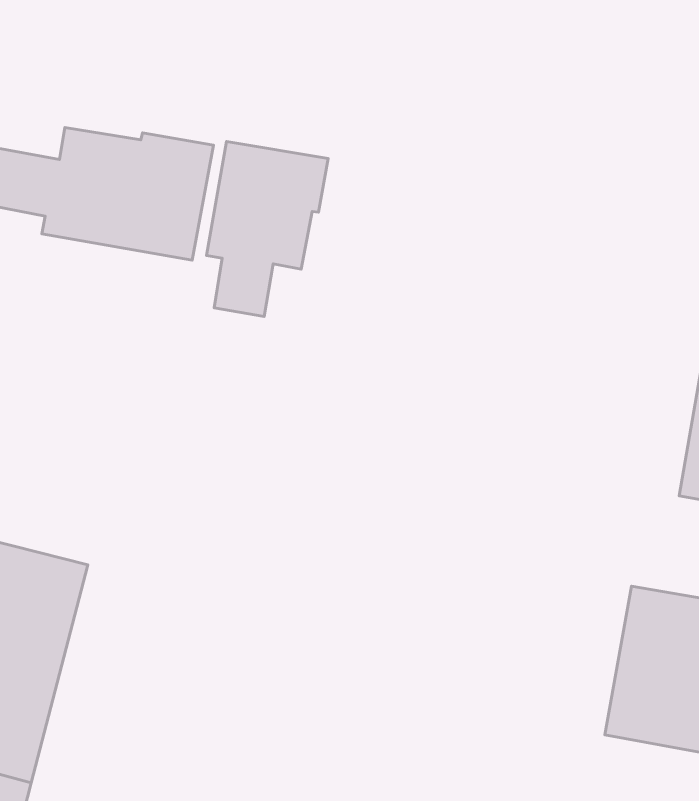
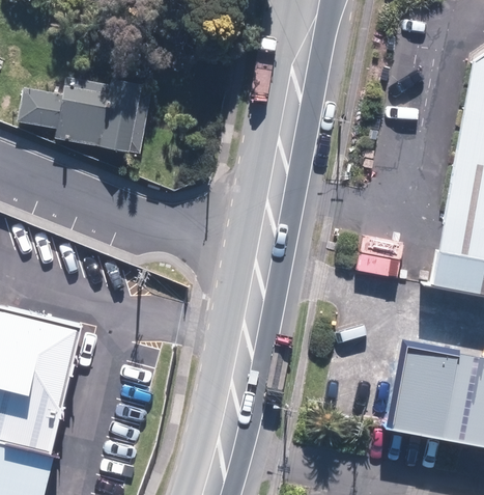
building: [206,141,328,316] -> none

